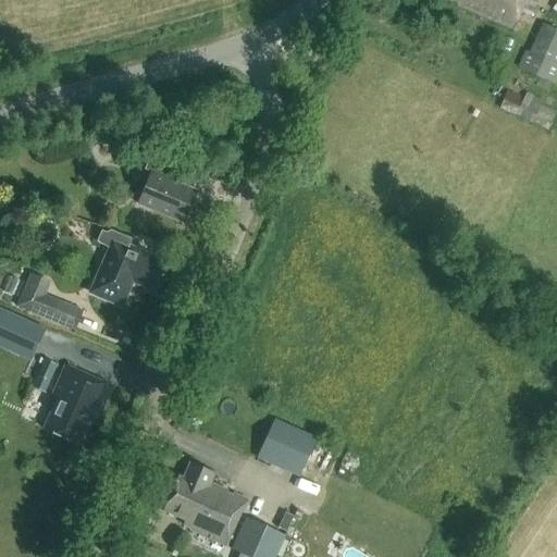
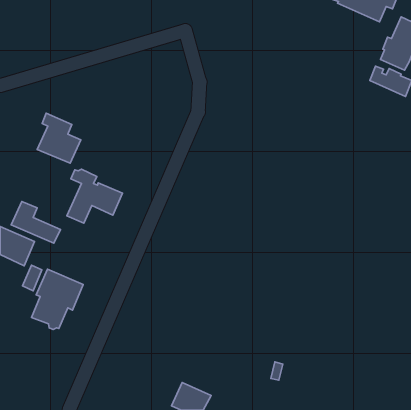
building: [137,154,196,222] -> [37,113,81,163]
building: [258,417,318,474] -> none
building: [162,462,248,546] -> none

